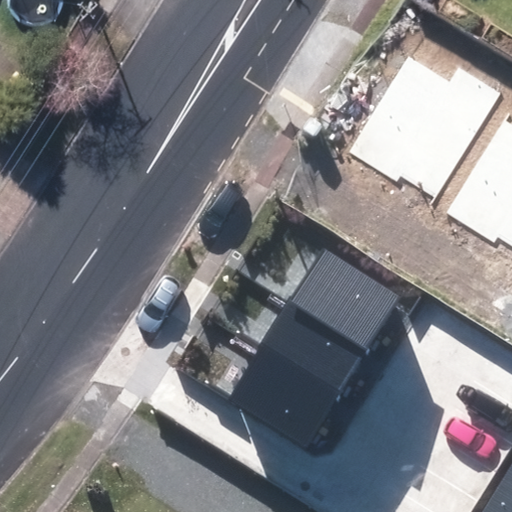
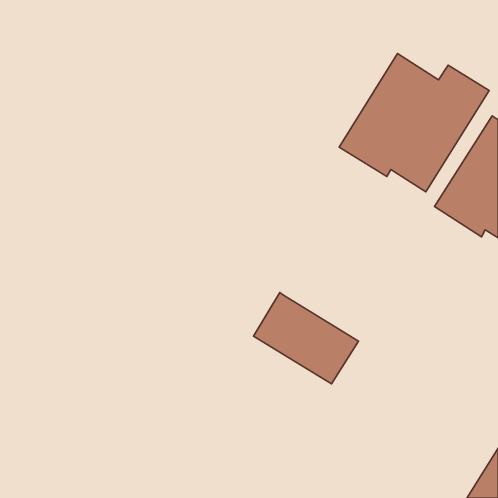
building: [291,249,401,350] -> none
building: [227,345,340,448] -> none

